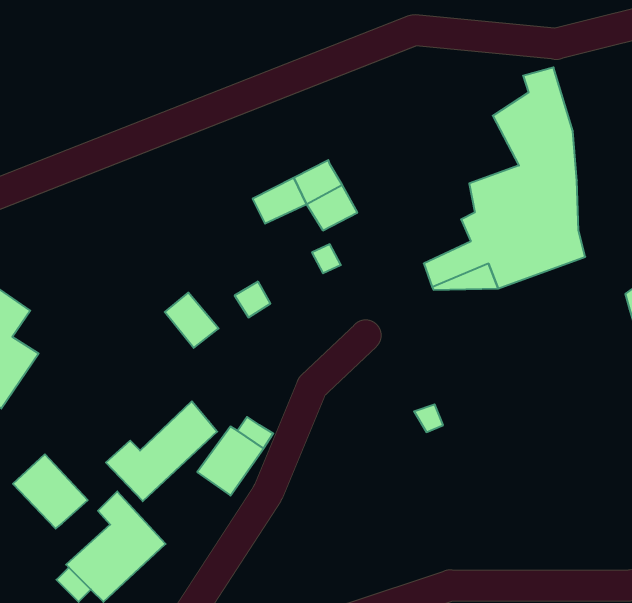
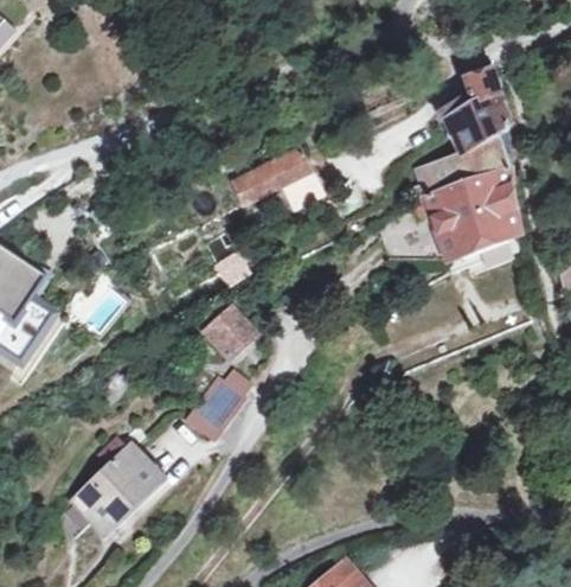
building: [165,293,219,348] -> [207,304,254,351]
building: [106,401,217,501] -> none
building: [13,454,88,529] -> none

